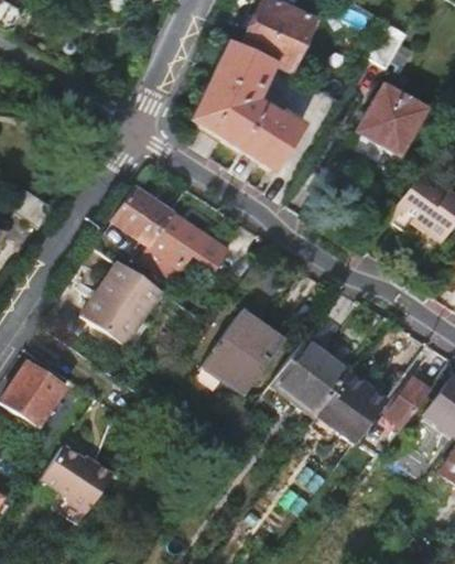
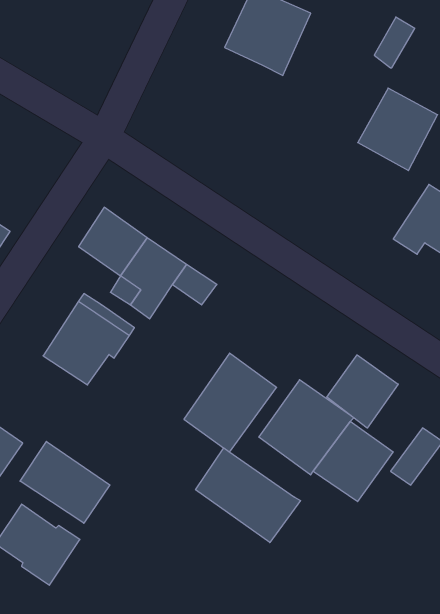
building: [195,42,303,171] -> none
building: none -> [327,355,398,428]
building: none -> [20,441,110,523]
building: none -> [196,448,301,543]

